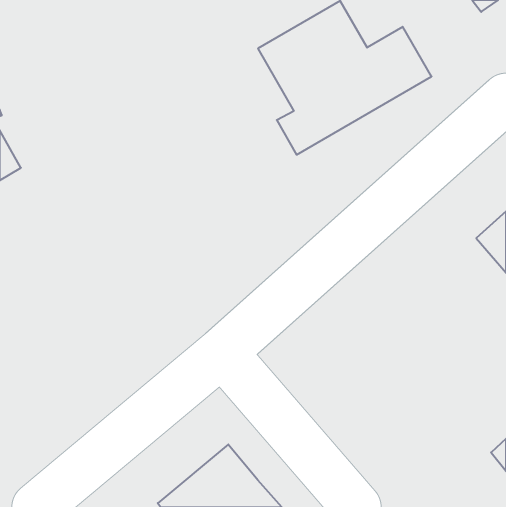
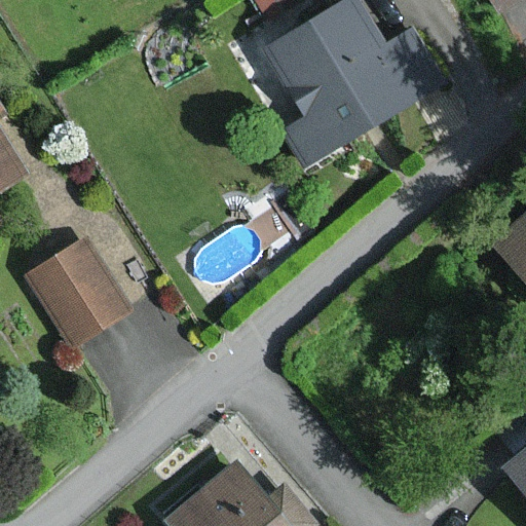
building: none -> [26,239,129,345]

